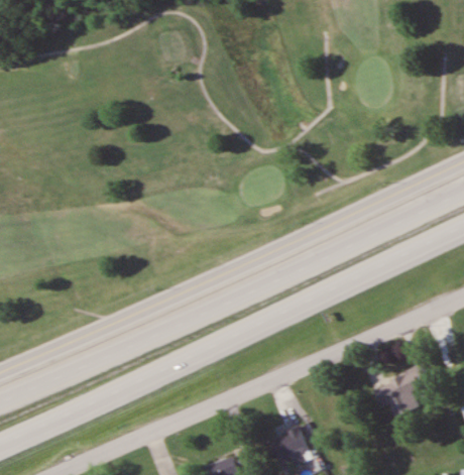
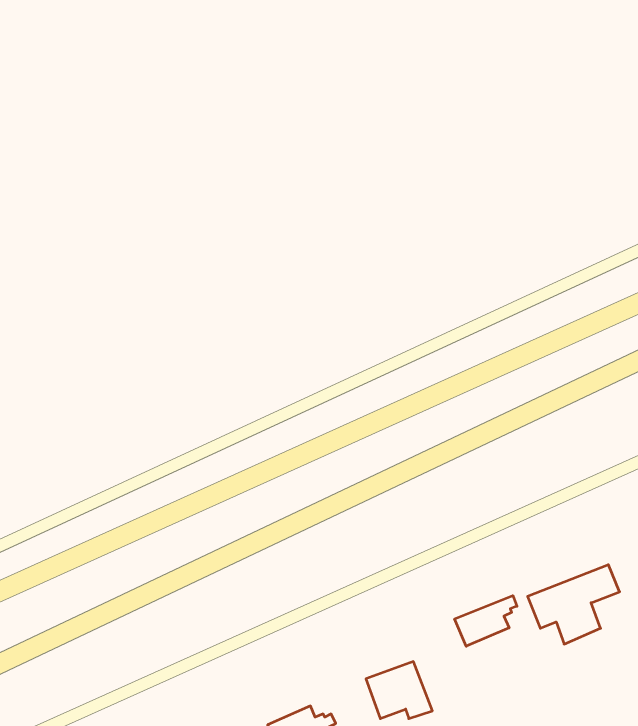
building: none -> [455,596,517,646]

